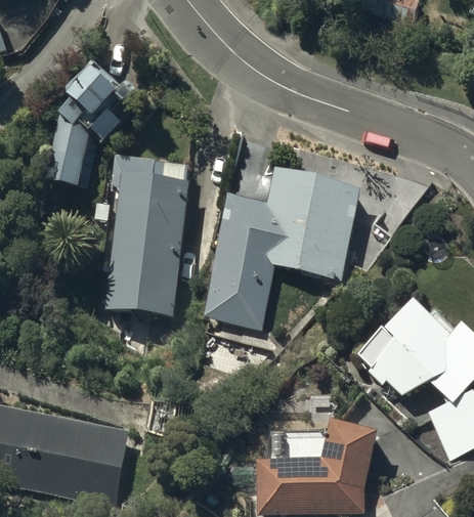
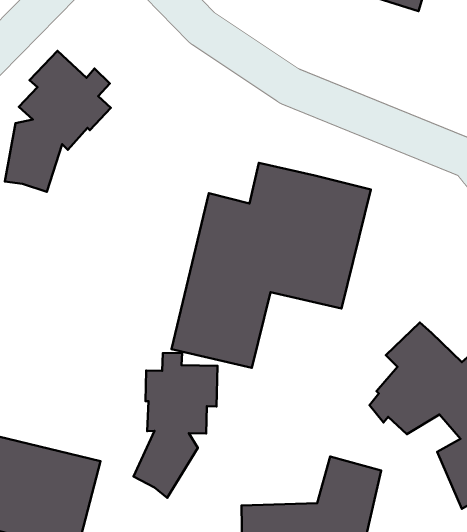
building: [104,156,190,317] -> none
building: none -> [134,353,217,498]

